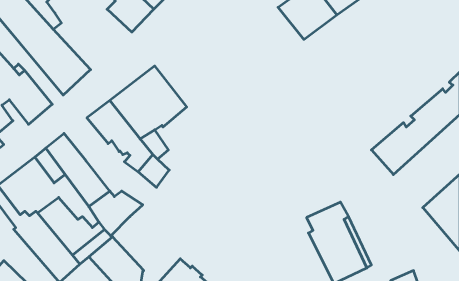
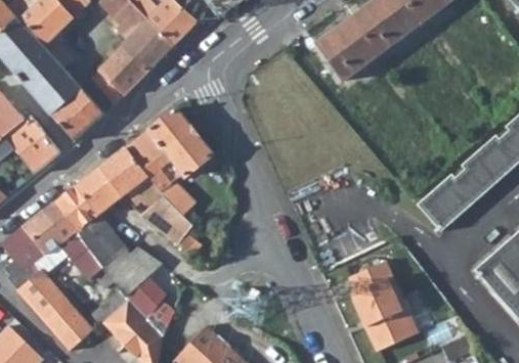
building: none -> [92,45,150,105]
building: none -> [75,167,124,215]
building: none -> [127,277,175,337]

